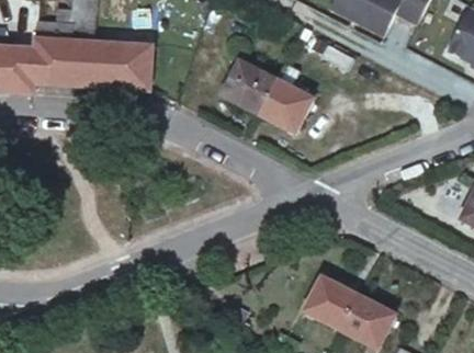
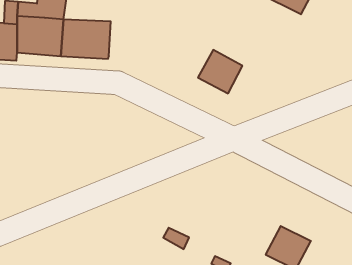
building: [222,58,276,112] -> none
building: [303,275,360,330] -> none

